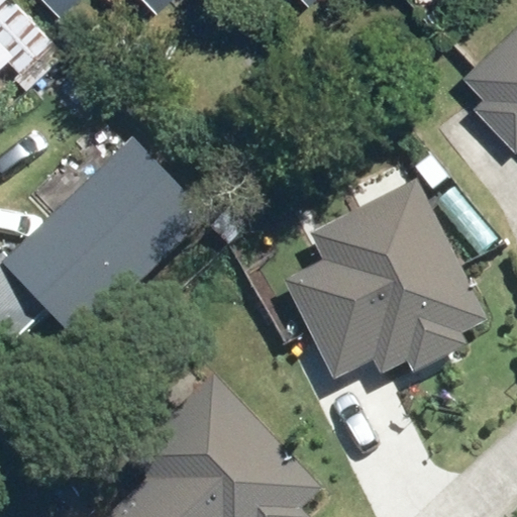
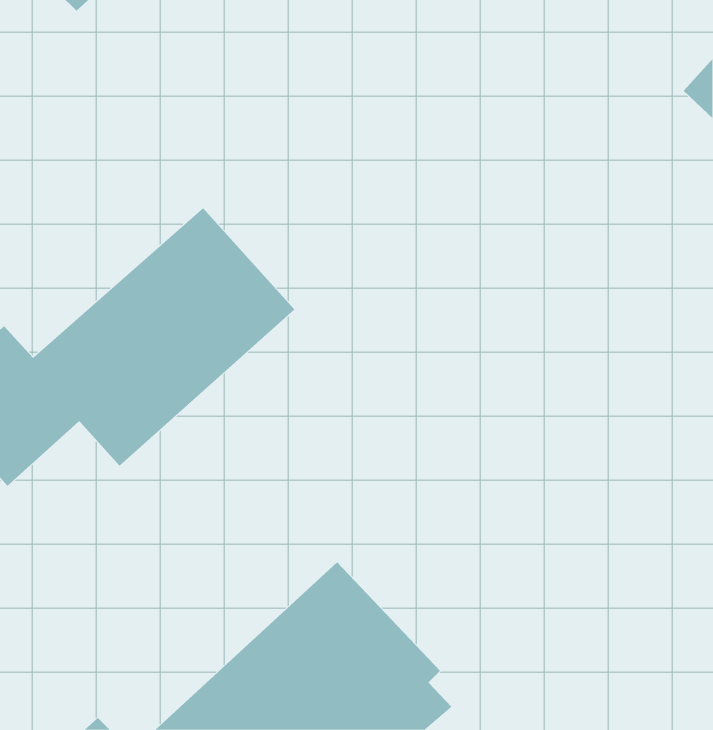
building: [286,198,477,380] -> none

